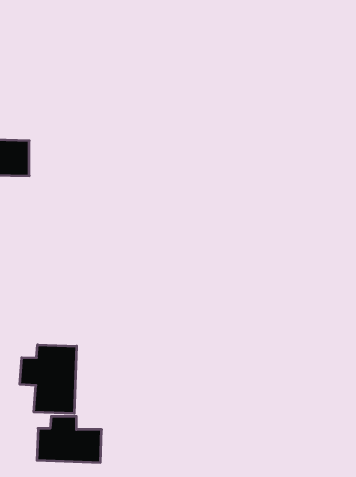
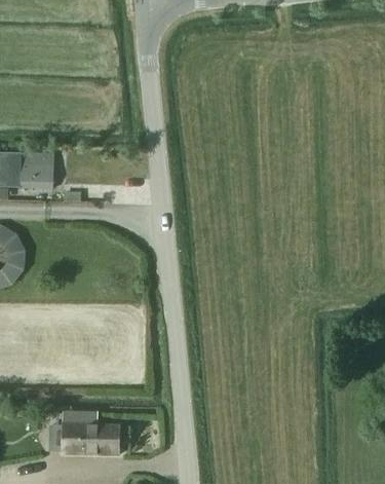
building: [20,345,77,413] -> none

